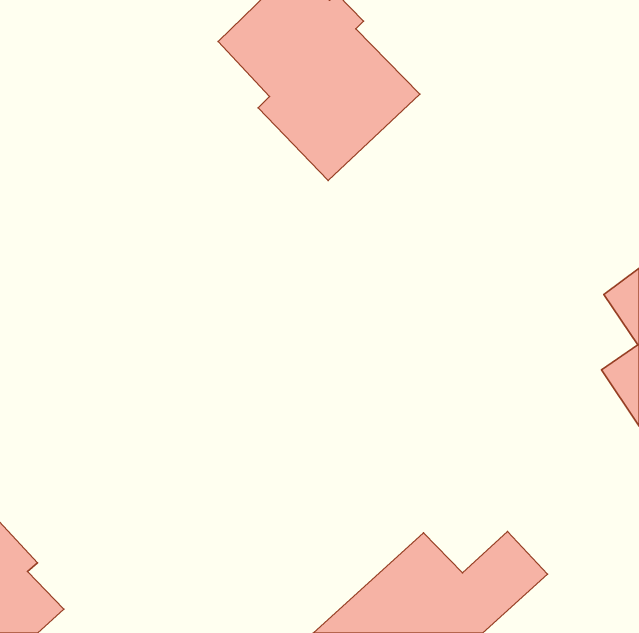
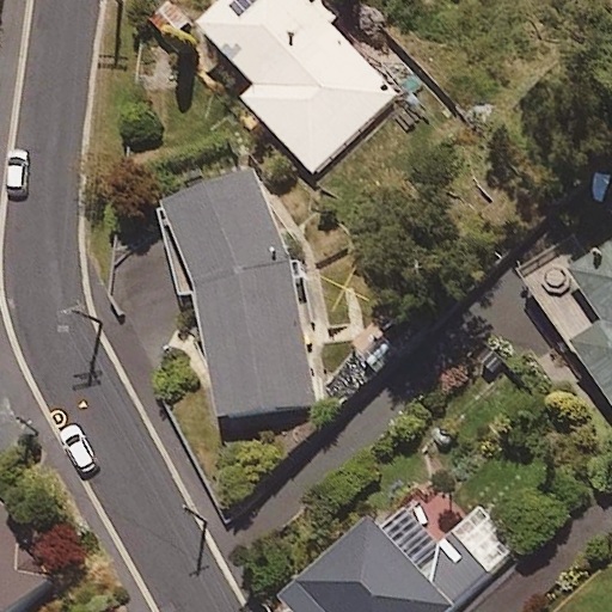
building: none -> [164,182,312,415]

